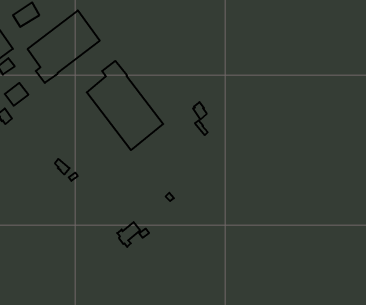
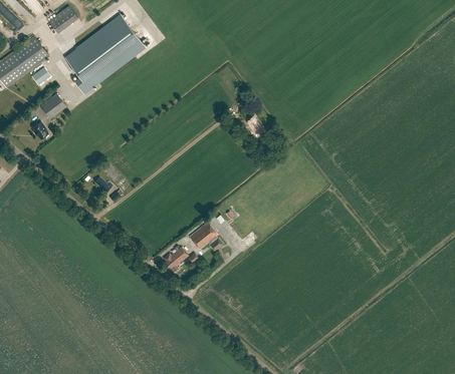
building: [87,61,163,150] -> none
building: none -> [189,222,222,251]

